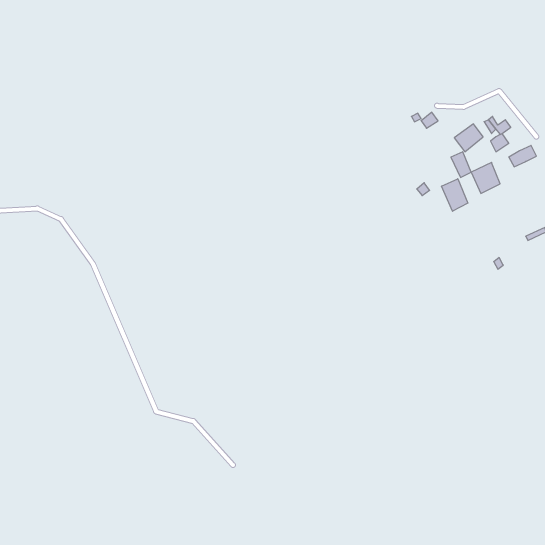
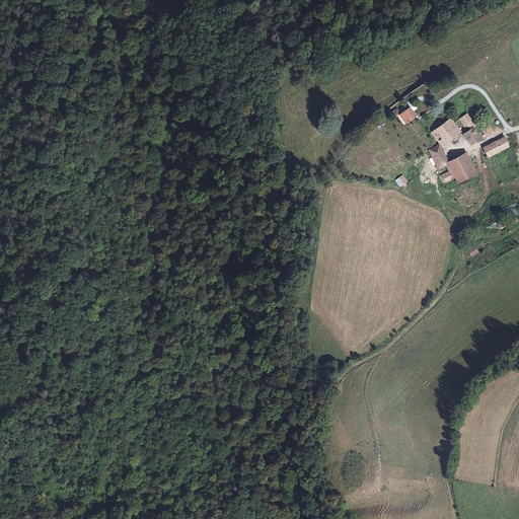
building: [442,179,468,211] -> none

